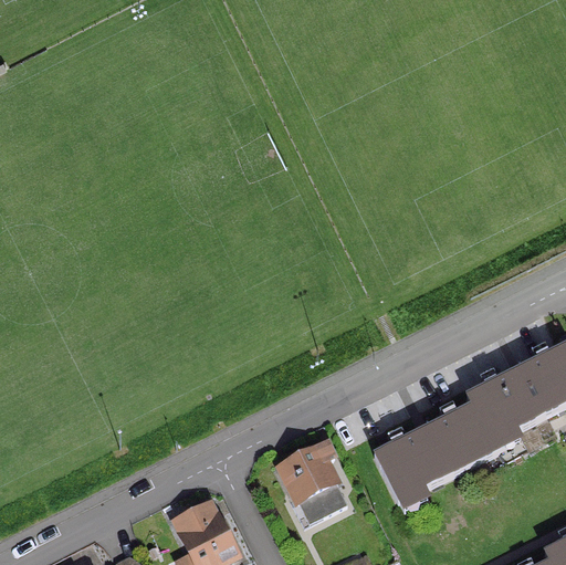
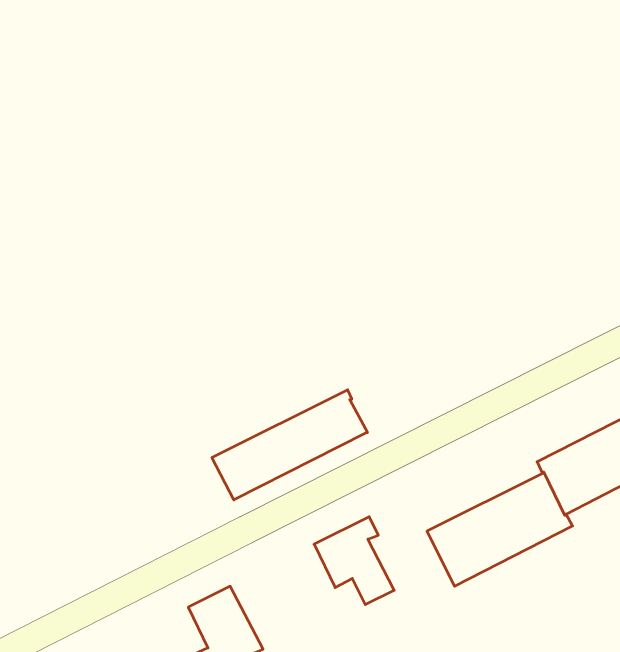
building: none -> [212,390,367,500]

